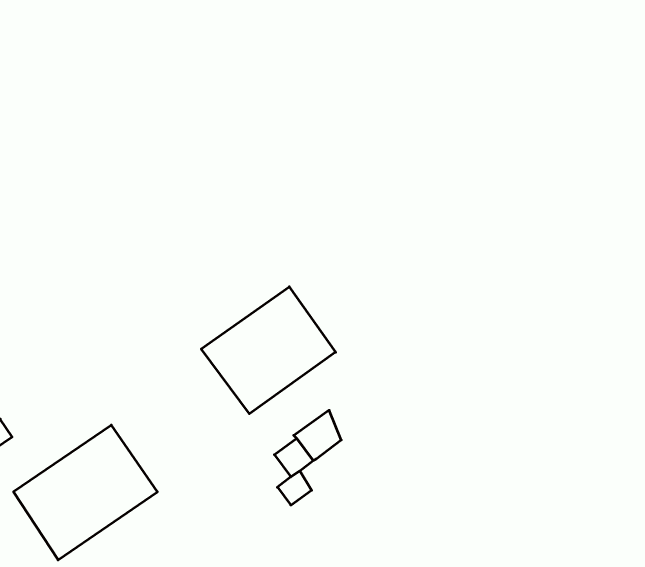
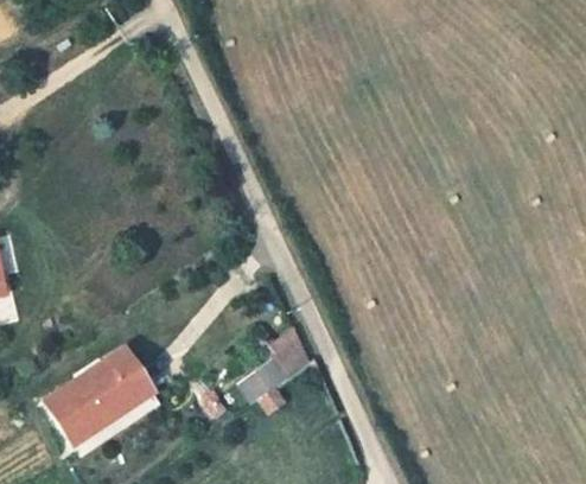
building: [201,287,336,414] -> none

